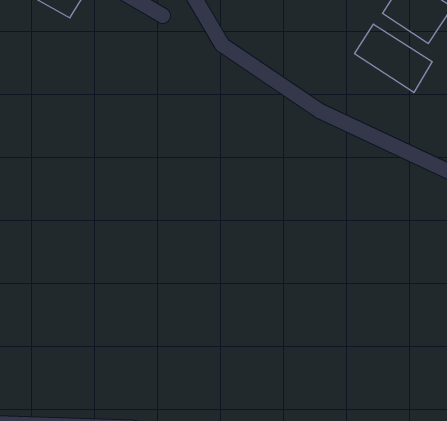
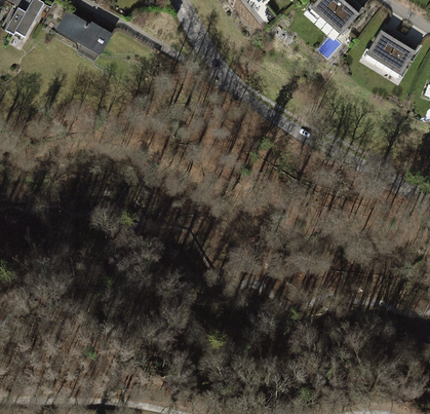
building: [355,24,432,93] -> none

